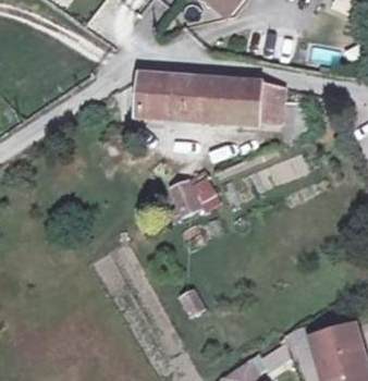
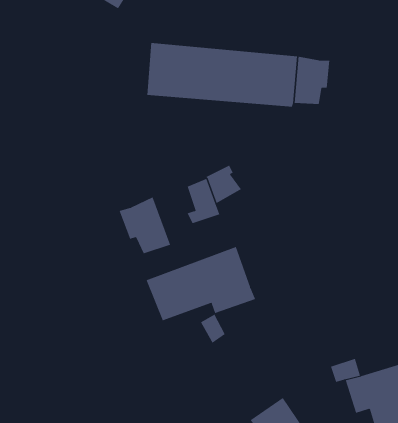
building: none -> [119,196,171,254]
building: none -> [146,246,256,321]

